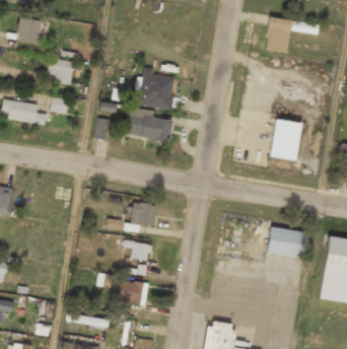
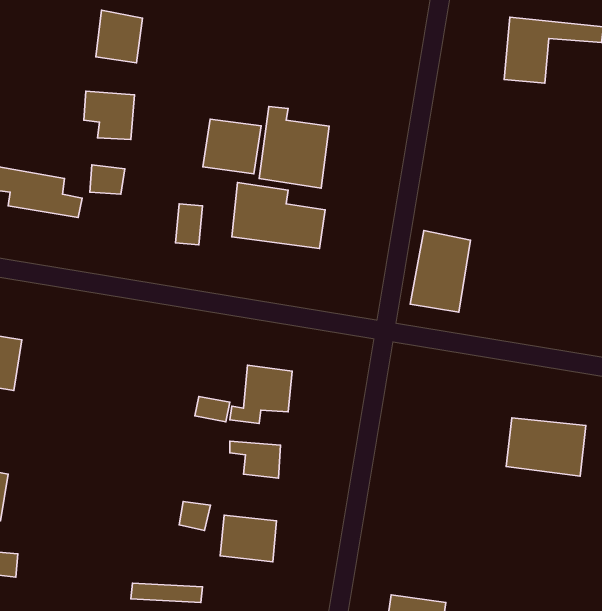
building: [18,16,43,44] -> [96,10,142,63]
building: none -> [203,119,261,174]
building: [270,119,301,161] -> [410,230,471,312]

